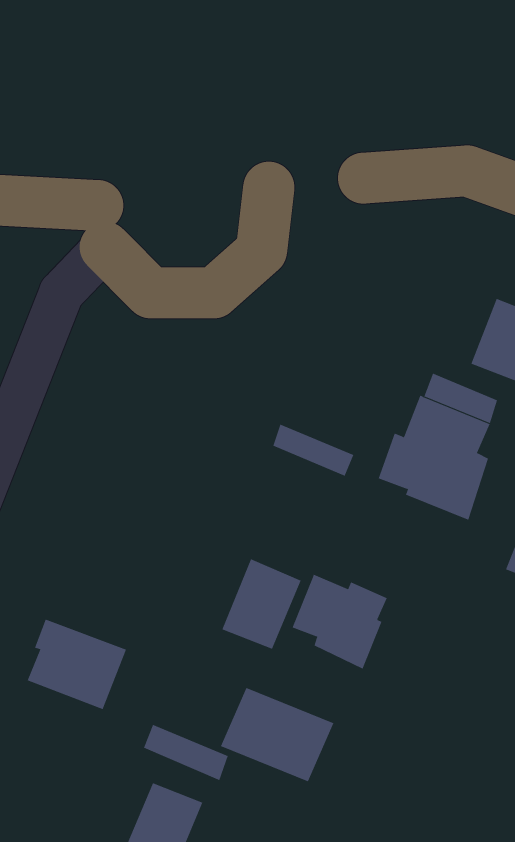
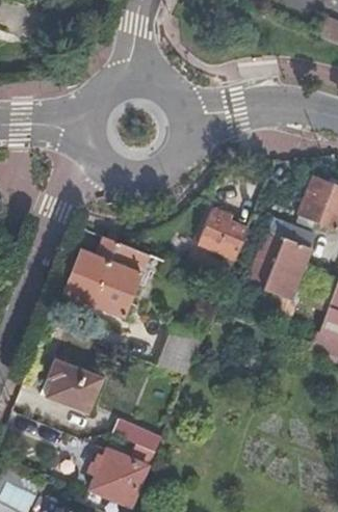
building: none -> [199,209,250,258]
building: none -> [66,236,151,315]
building: [292,574,387,669] -> none
building: [220,687,334,782] -> none

